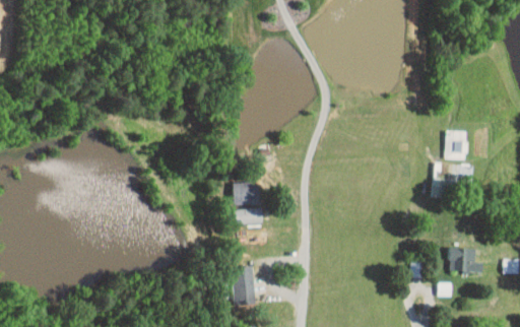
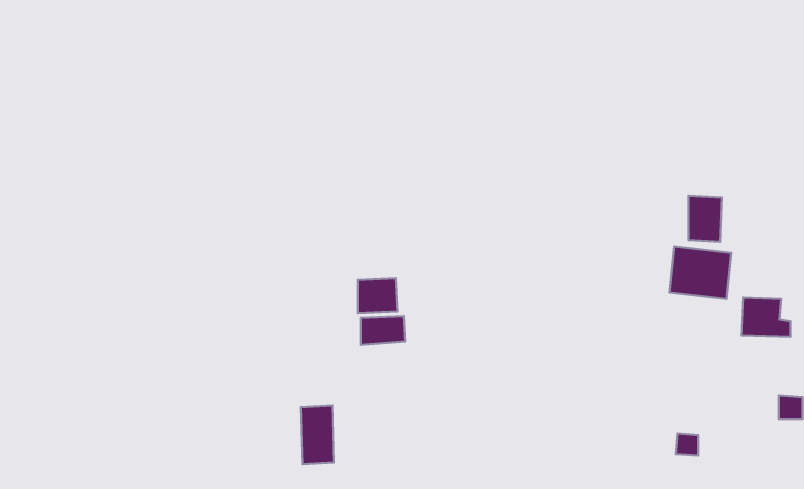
building: [449,248,480,273] -> [741,297,791,337]
building: [233,267,254,305] -> [301,405,334,464]

